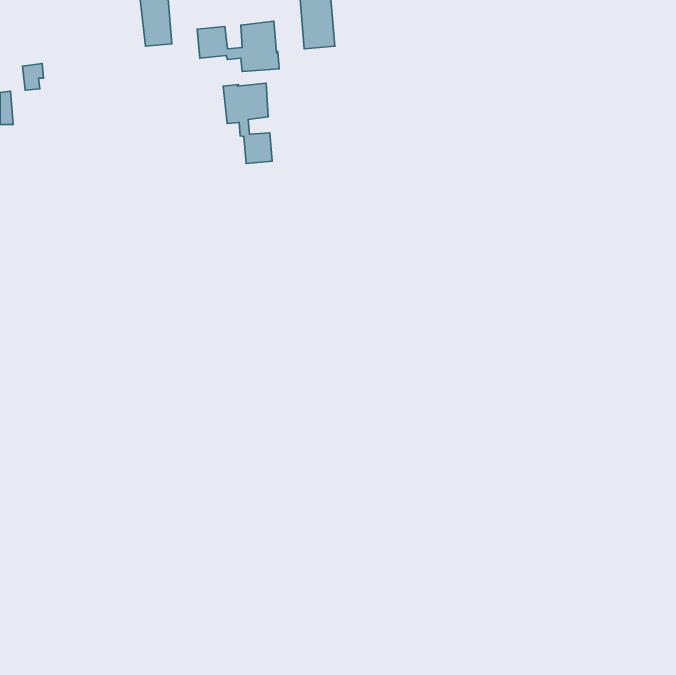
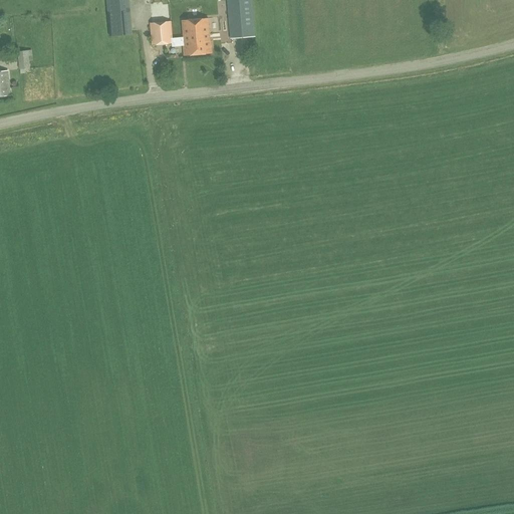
building: [223,83,272,163] -> none

